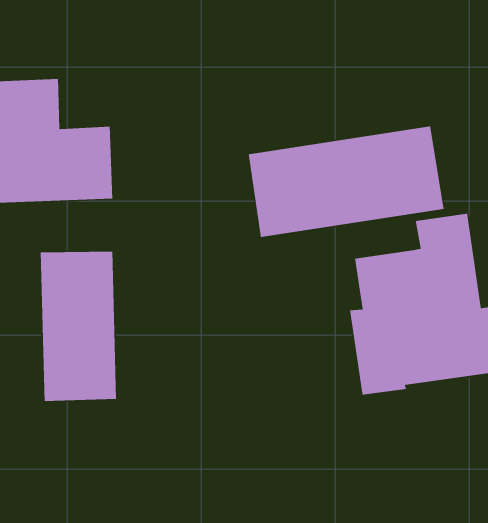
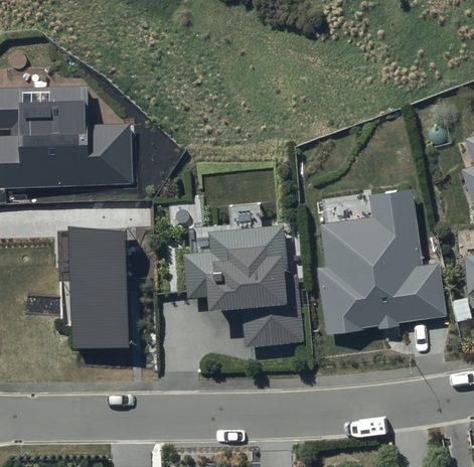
building: [248,126,445,238] -> none
building: none -> [168,221,298,354]

